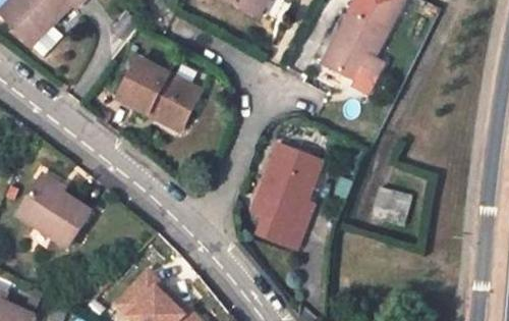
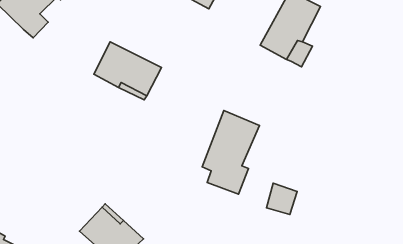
building: [14,178,89,248] -> none
building: [371,185,408,224] -> [267,183,297,215]

